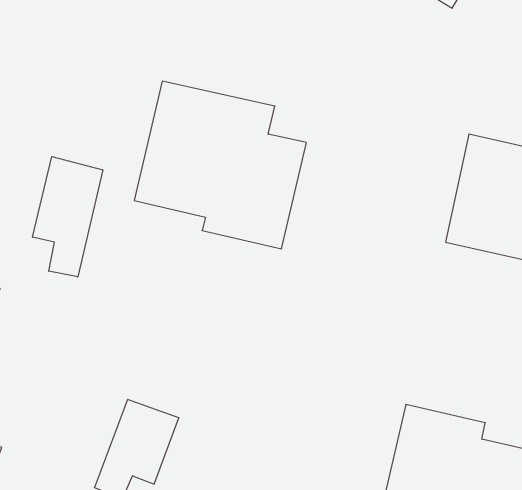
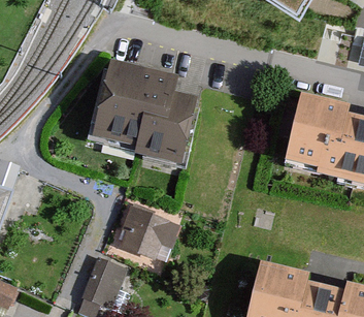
building: [33,157,103,277] -> none
building: none -> [117,208,180,260]

